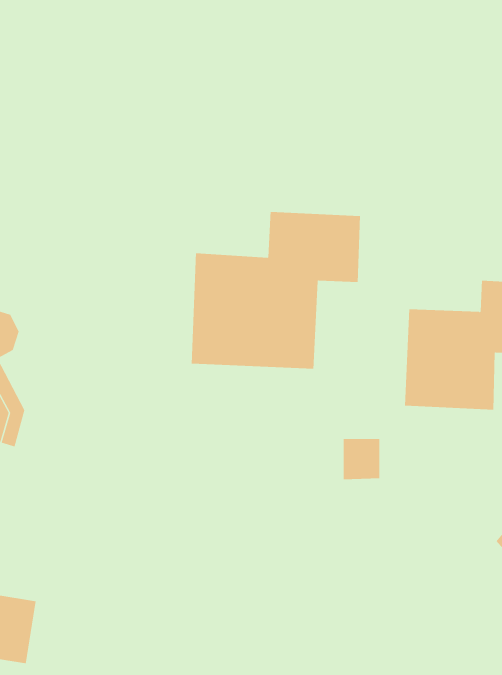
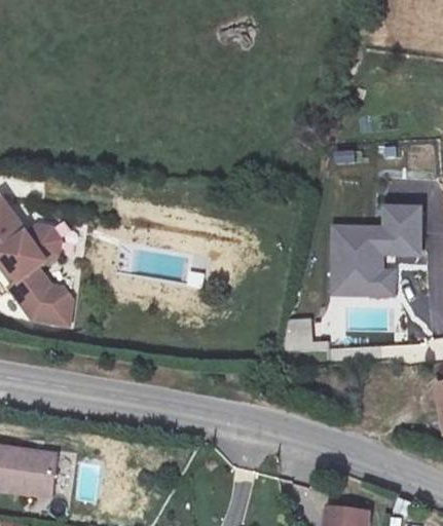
building: [191,211,360,369] -> none

